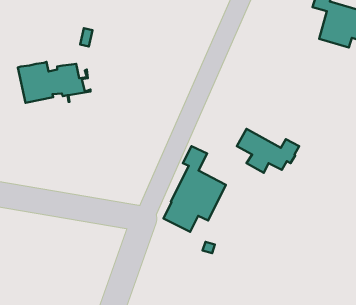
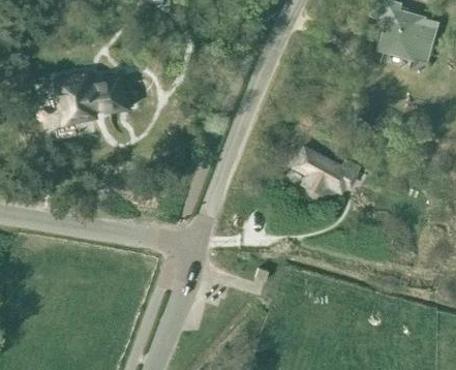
building: [163,146,226,232] -> none

